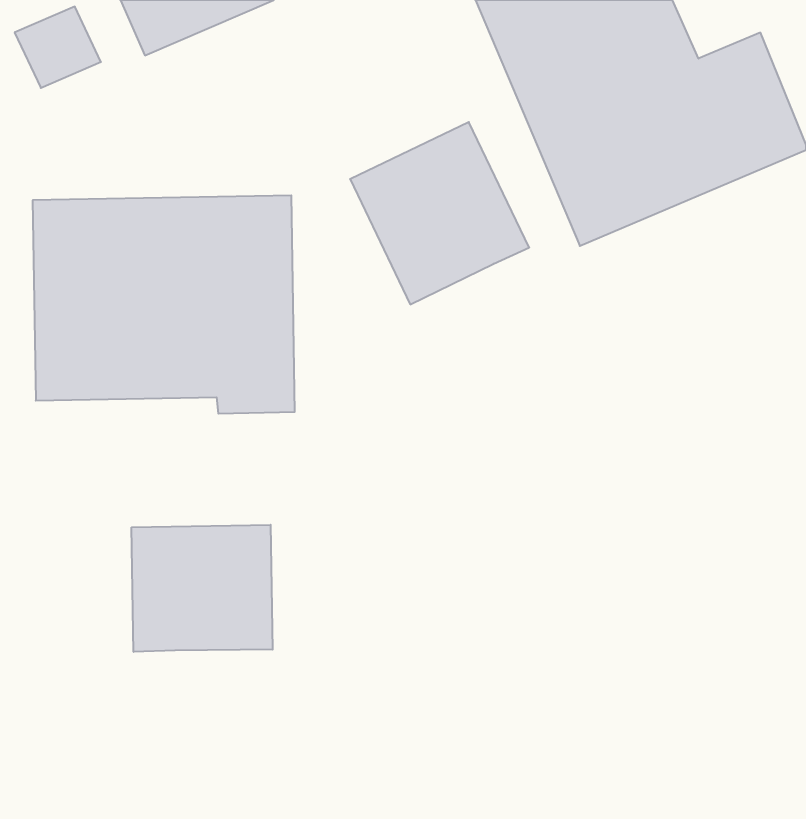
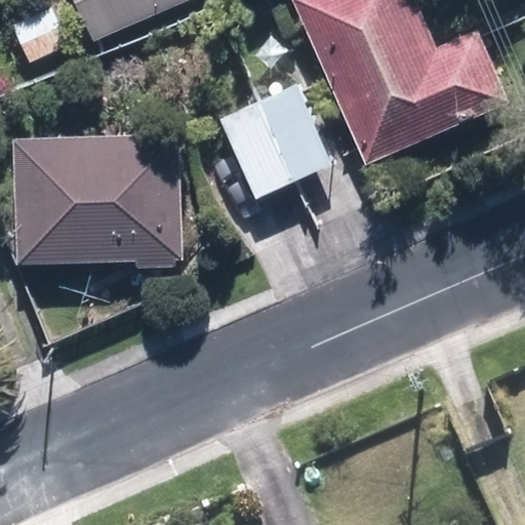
building: [132,525,273,652] -> none

